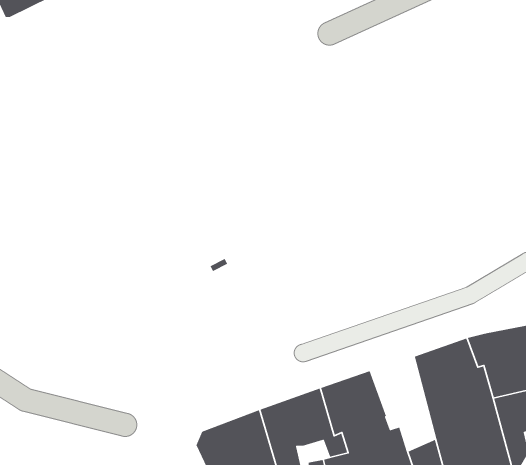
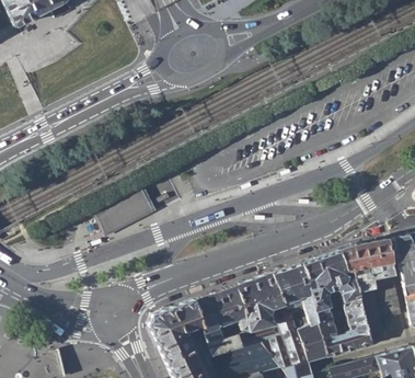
building: none -> [99,186,158,237]
building: none -> [272,262,318,329]

